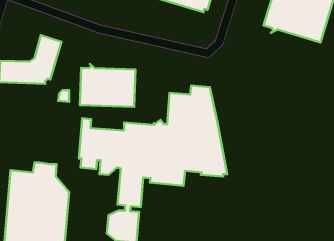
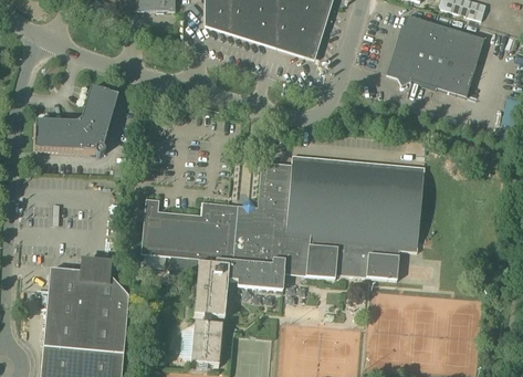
building: [80,64,136,107] -> none
building: none -> [317,156,425,279]

